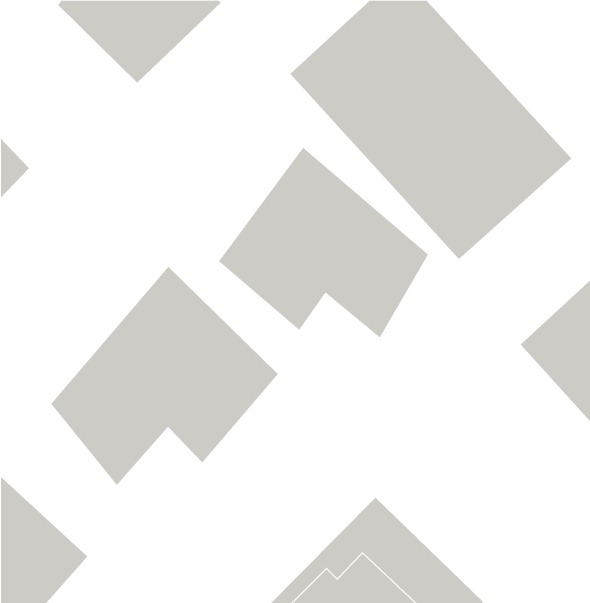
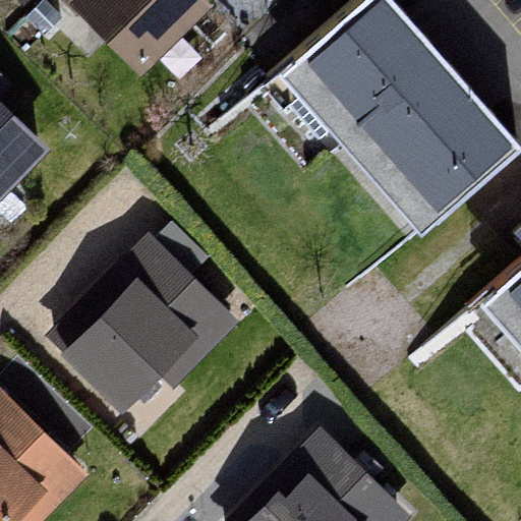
building: [218,147,429,338] -> none

